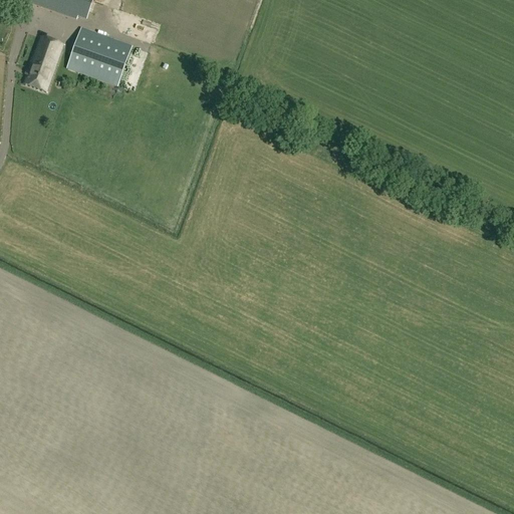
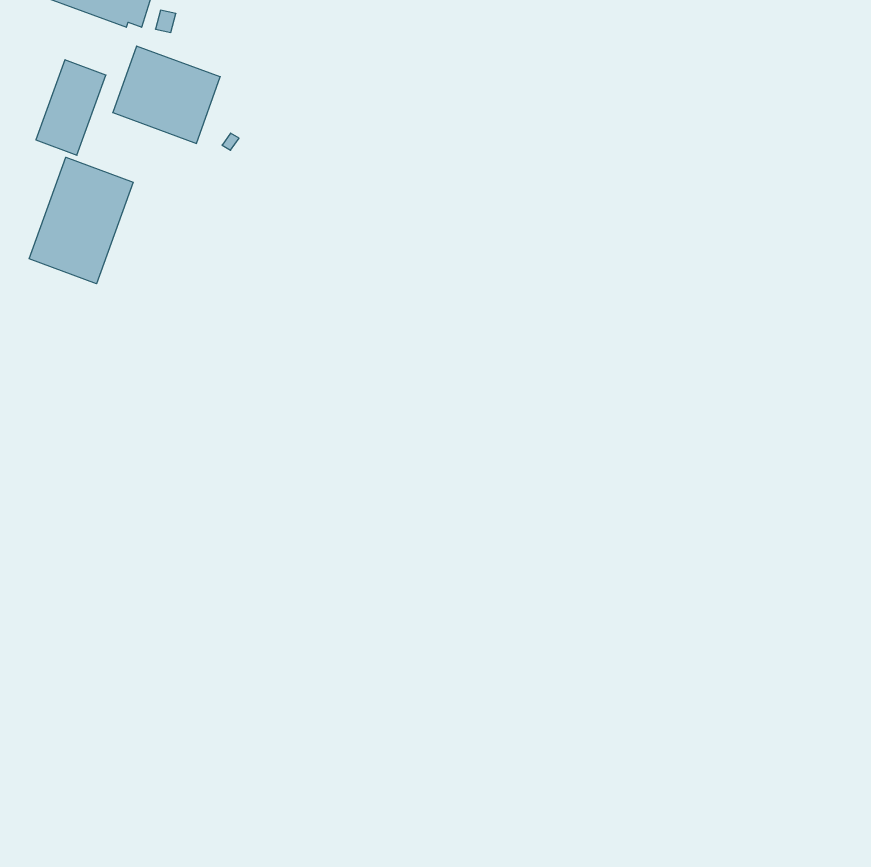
building: none -> [29,157,133,284]

